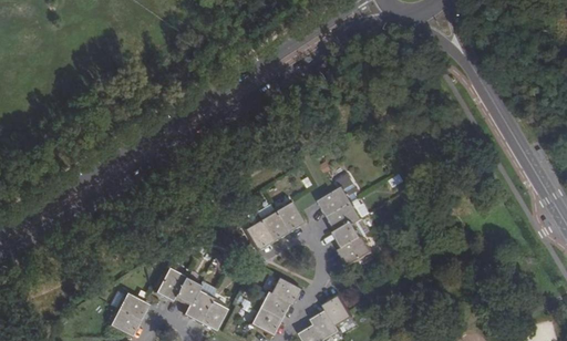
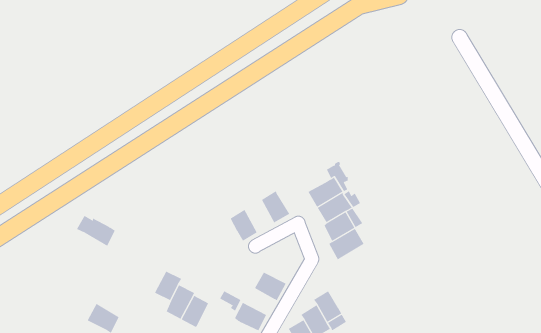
building: [259,209,287,240] -> none
building: [155,268,184,301] -> none
building: [110,291,147,321] -> [76,215,115,247]
building: [257,292,288,319] -> none

